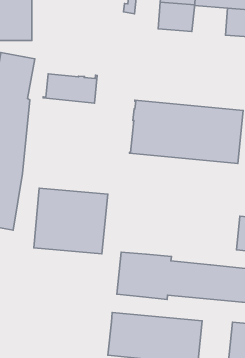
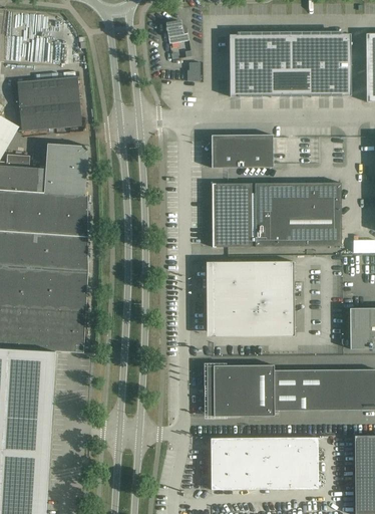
building: none -> [270,63,310,95]
building: [43,74,97,103] -> [211,135,272,168]
building: [34,188,108,254] -> [211,261,293,333]

